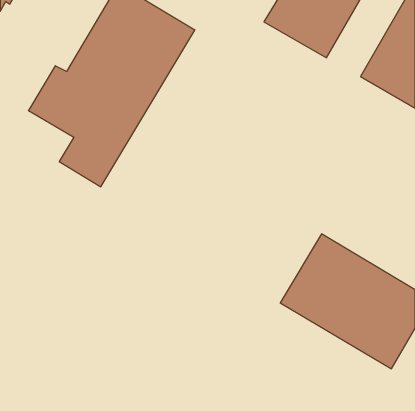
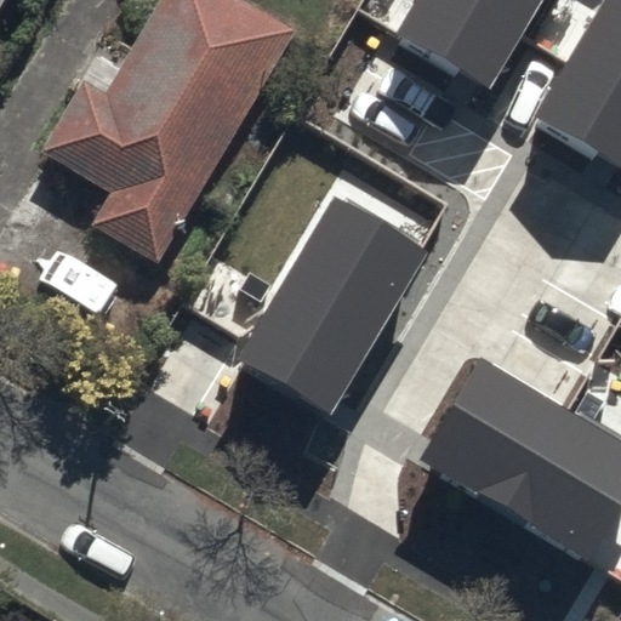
building: none -> [239,193,428,411]

